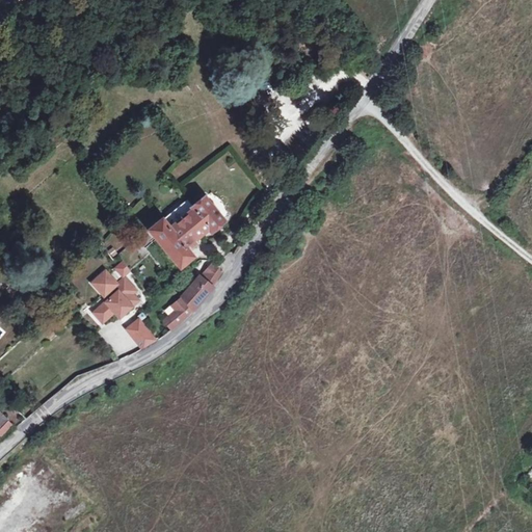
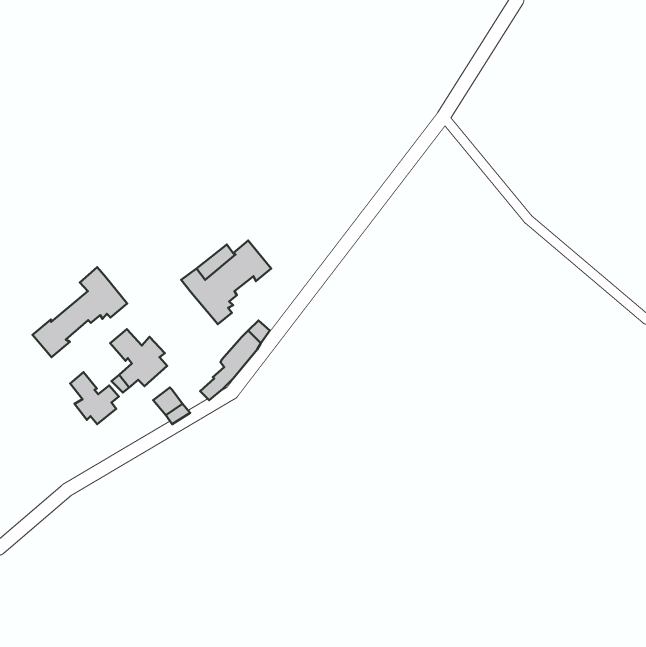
building: none -> [33,267,127,357]
building: none -> [70,372,119,424]

